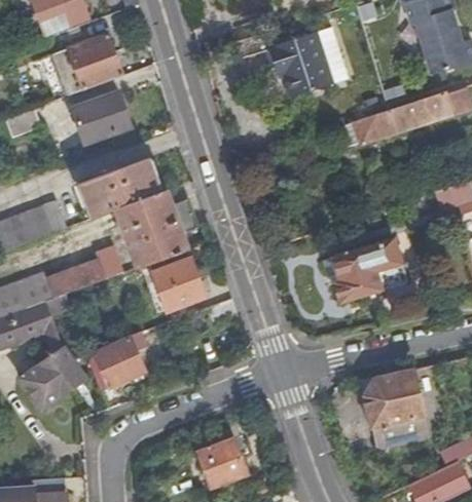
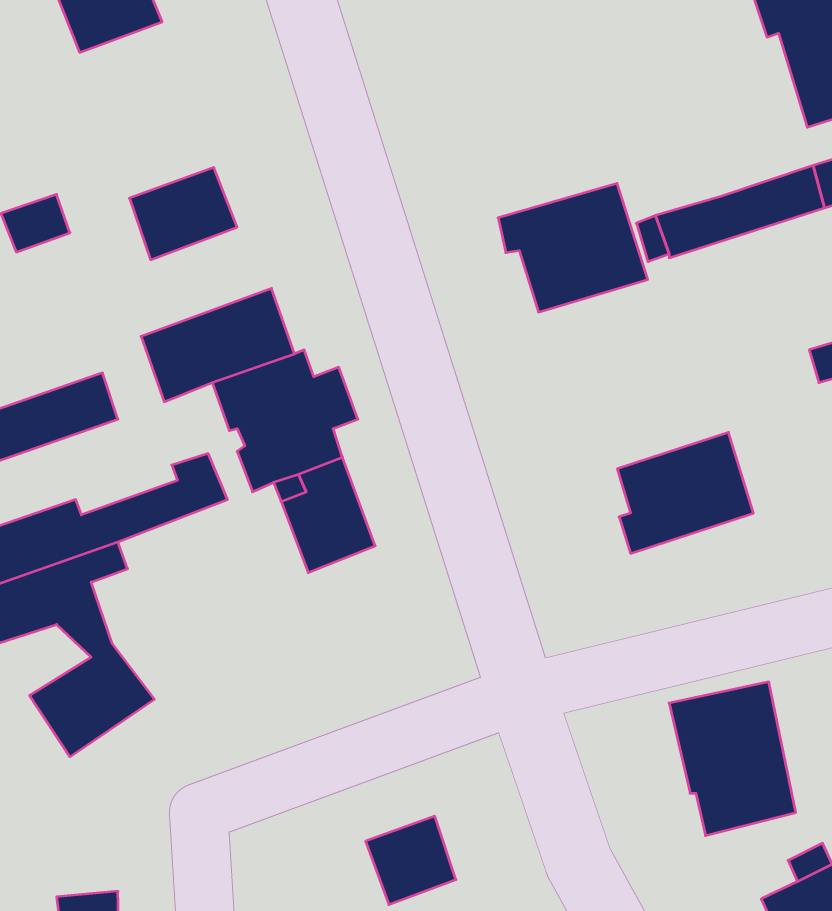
building: [268,27,349,95] -> [498,183,648,312]
building: [51,35,121,96] -> none
building: [85,330,148,410] -> none

